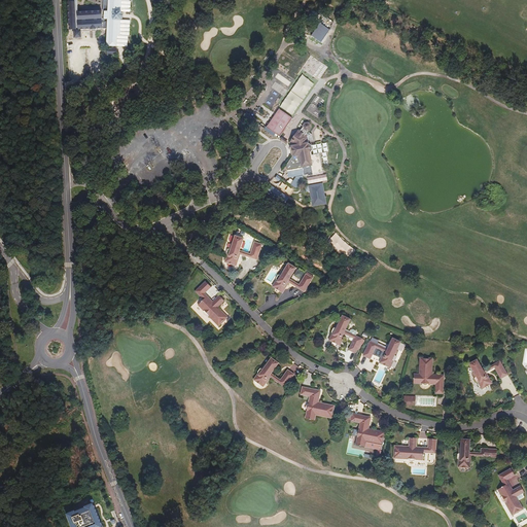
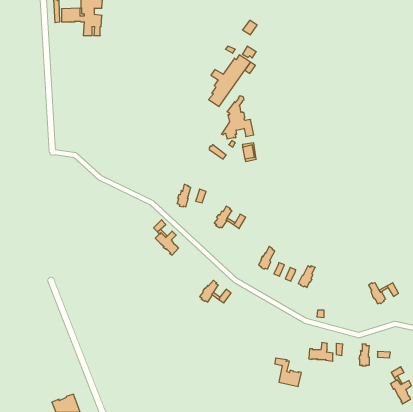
building: [414,356,444,393] -> none
building: [301,386,335,419] -> none
building: [351,413,385,449] -> [275,358,301,386]

